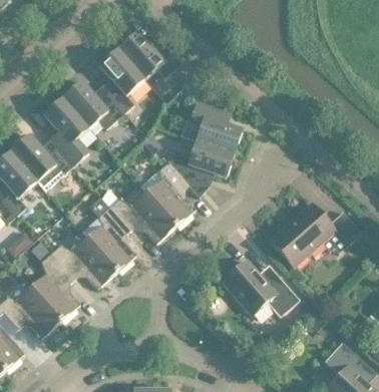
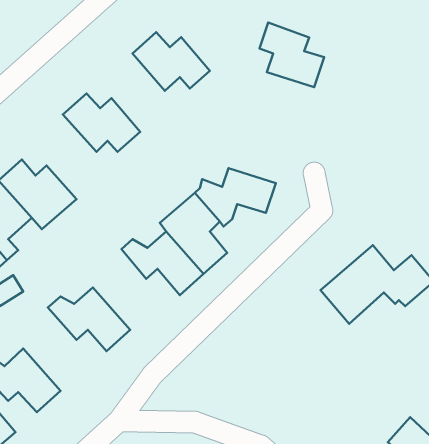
building: [99,49,144,112] -> none
building: [43,98,89,166] -> none
building: [189,101,242,153] -> [259,22,324,87]
building: [86,198,135,272] -> none
building: [30,254,80,321] -> none
building: [223,261,299,318] -> none

